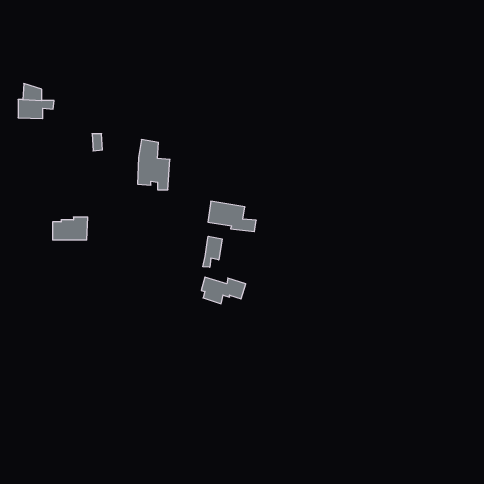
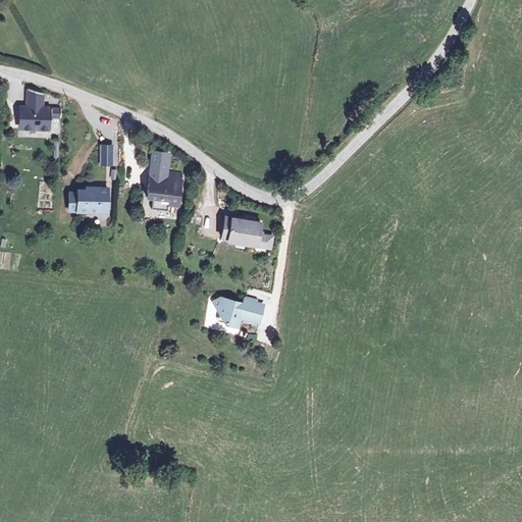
building: [53,217,88,240] -> [70,188,108,212]
building: [203,236,222,267] -> none

